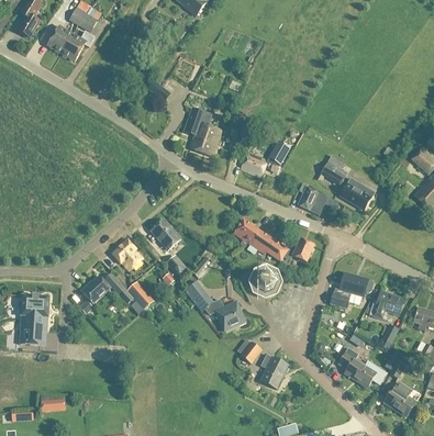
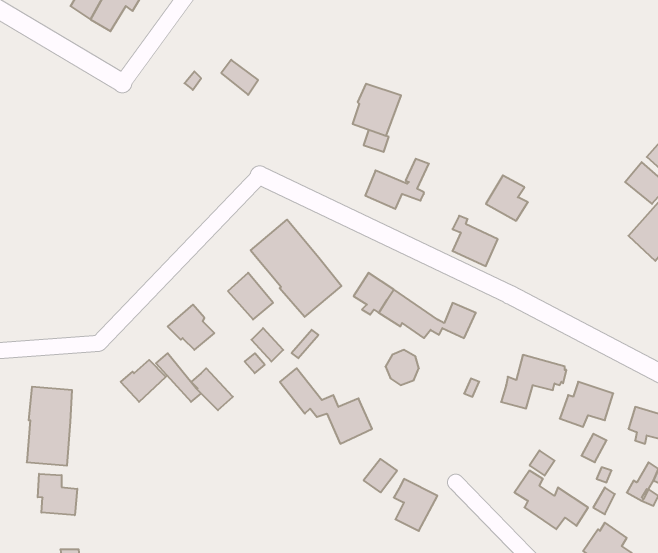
building: [189,122,221,156] -> [353,84,401,136]
building: [340,178,375,210] -> none
building: none -> [251,220,341,317]
building: none -> [38,474,77,515]

